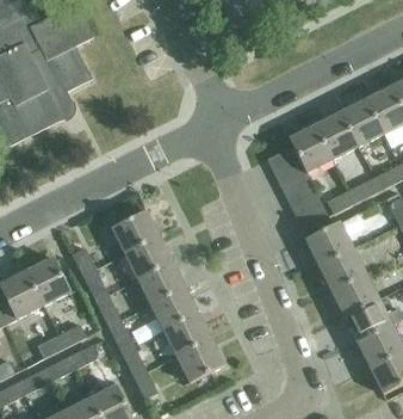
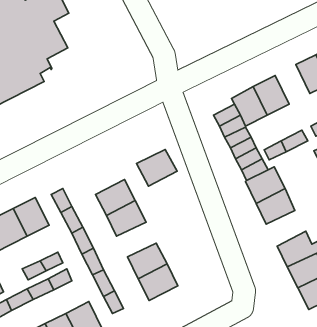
building: [341,98,383,146] -> none
building: [111,210,160,254] -> [137,149,177,186]
building: [330,273,378,316] -> none
building: [150,288,198,329] -> none

